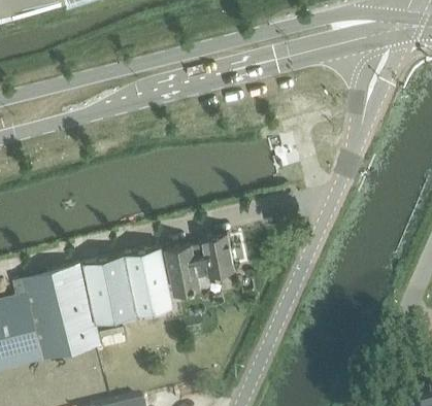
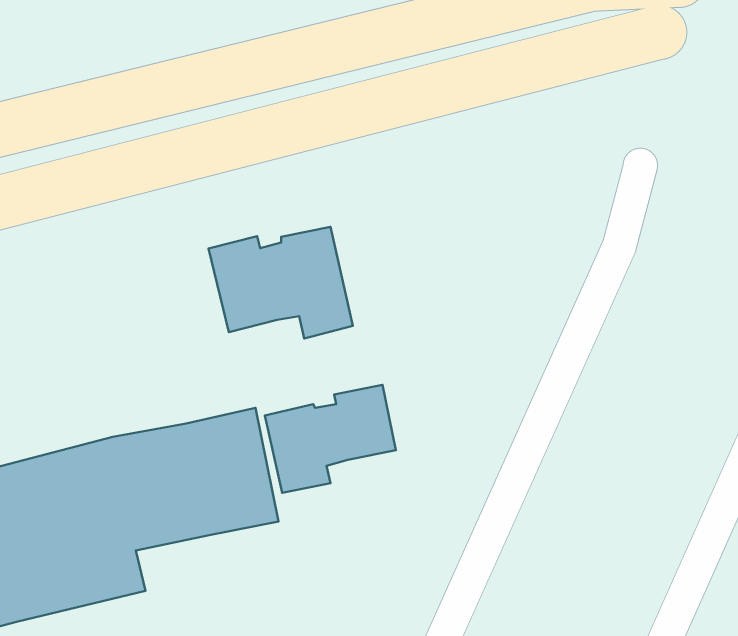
building: none -> [209,227,353,338]

